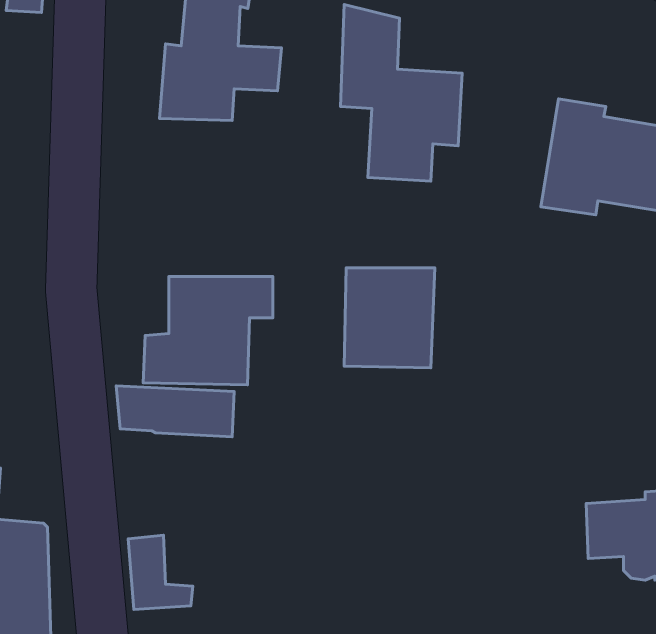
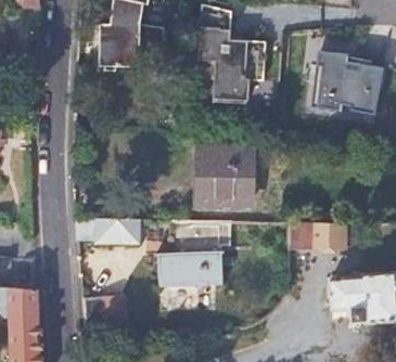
building: [143,277,273,385] -> [158,218,230,277]
building: none -> [292,220,346,248]

